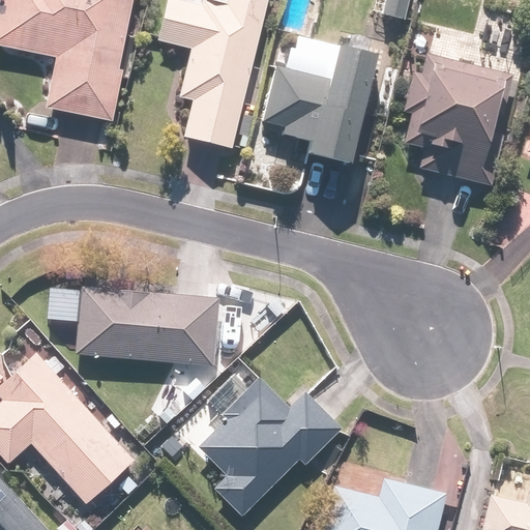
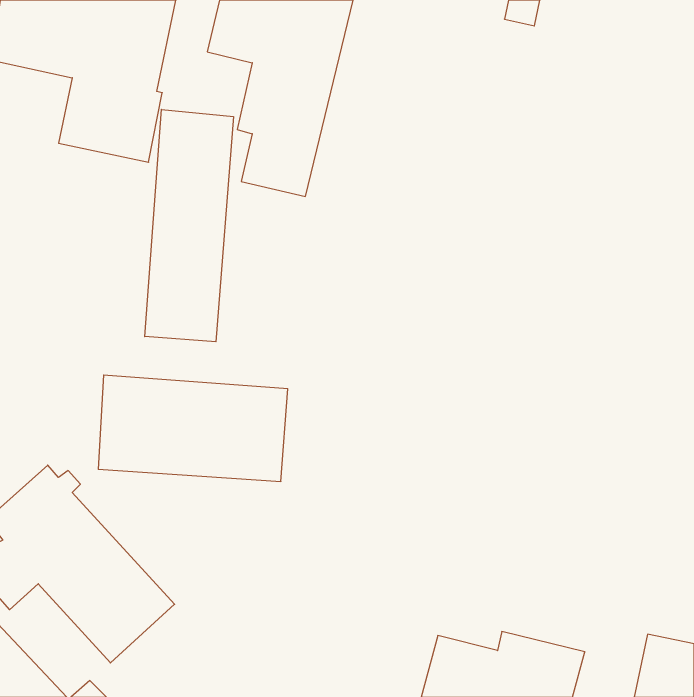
building: [263,50,379,164] -> none
building: [405,57,507,184] -> none
building: none -> [145,109,233,342]
building: [196,380,343,513] -> none

